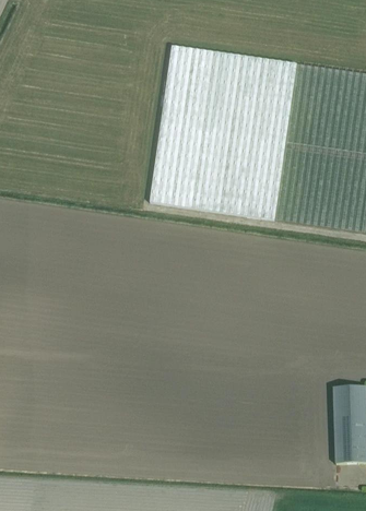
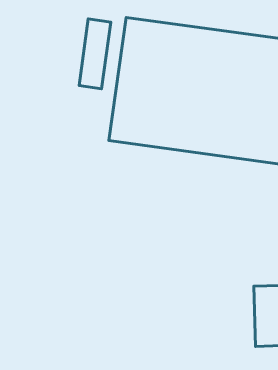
building: none -> [79,19,111,89]

